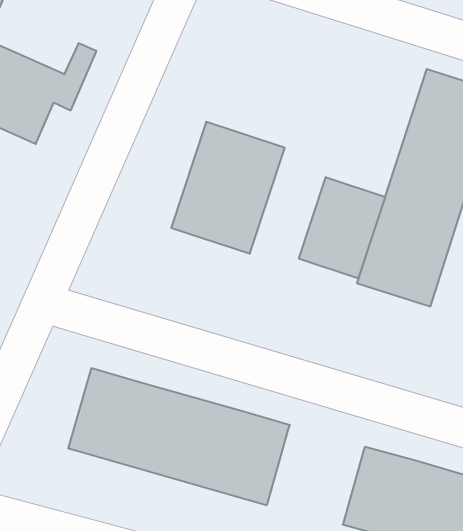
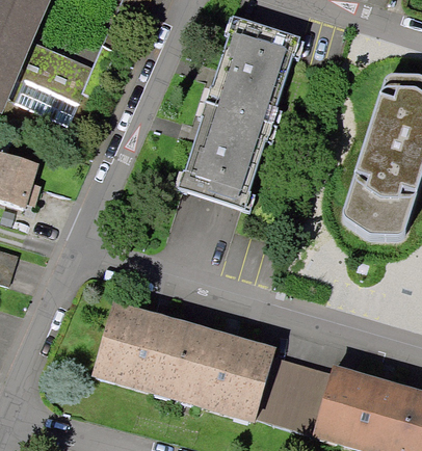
building: none -> [208,21,300,128]
building: [299,177,385,278] -> none
building: none -> [258,354,335,431]

